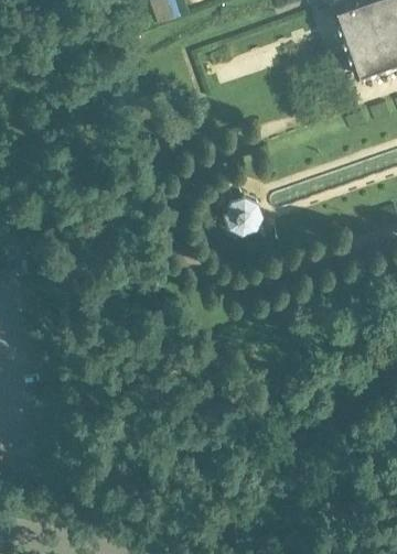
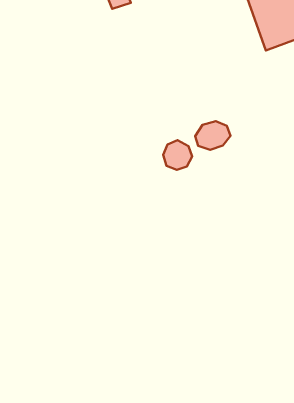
building: none -> [195,121,231,150]

